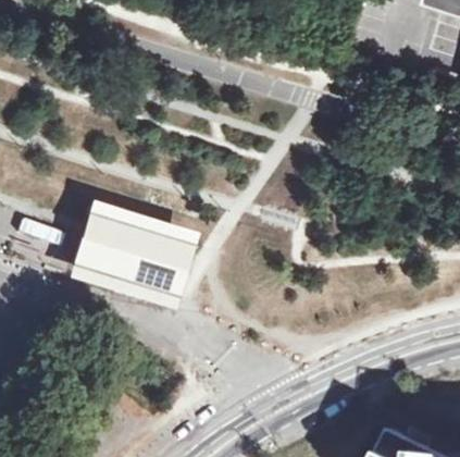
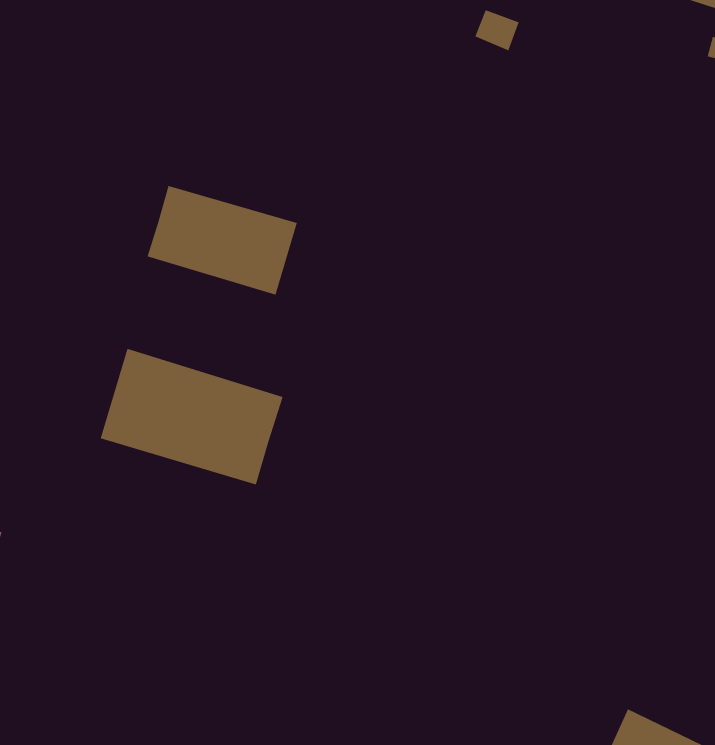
building: none -> [147,185,298,295]

